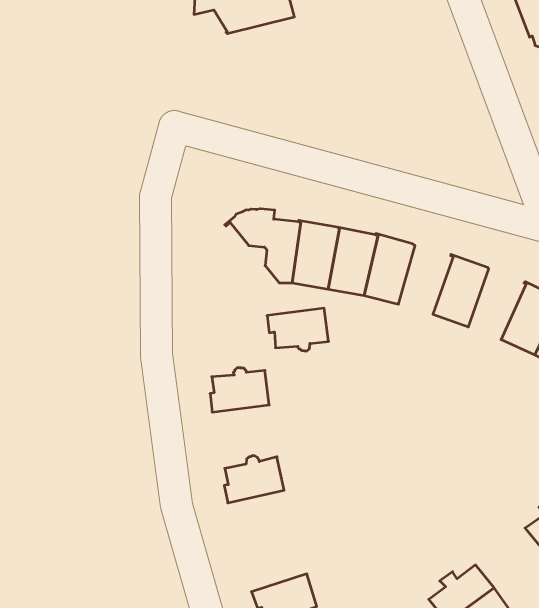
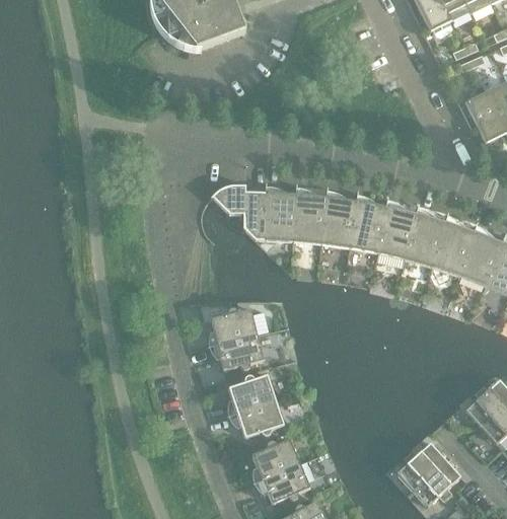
building: none -> [350,198,388,251]
building: none -> [406,211,447,266]
building: [267,308,329,351] -> [214,335,264,369]
building: none -> [233,399,284,437]
building: none -> [251,439,300,480]

